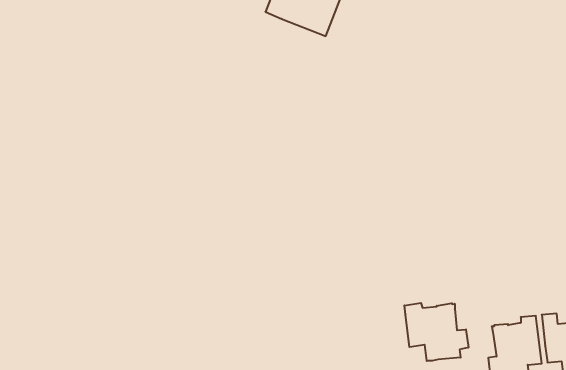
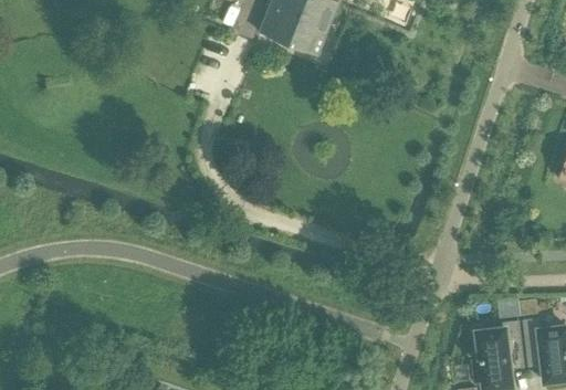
building: [404,303,468,361] -> none

